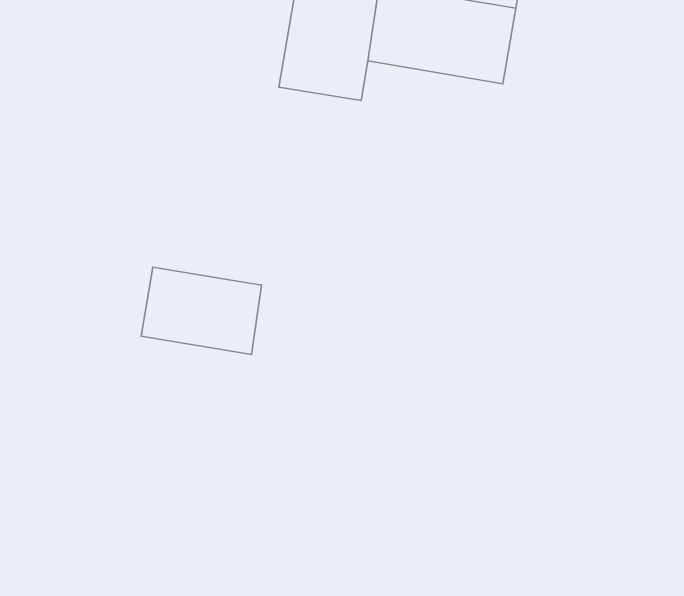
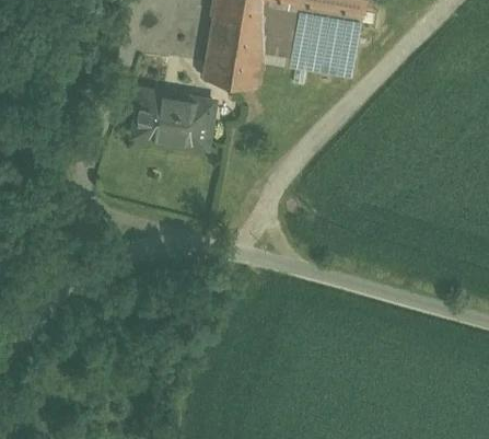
building: [141,267,261,354] -> [133,89,213,147]

